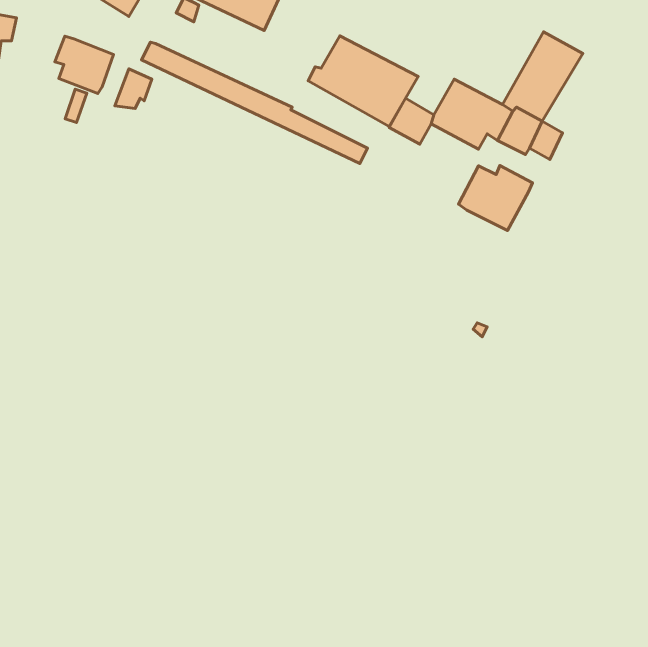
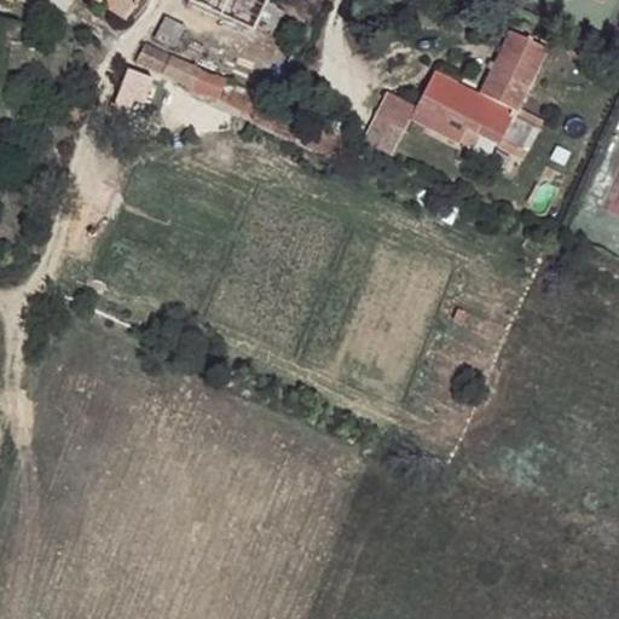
building: [308,36,418,127] -> none
building: [55,36,114,93] -> none
building: [459,165,532,231] -> none

